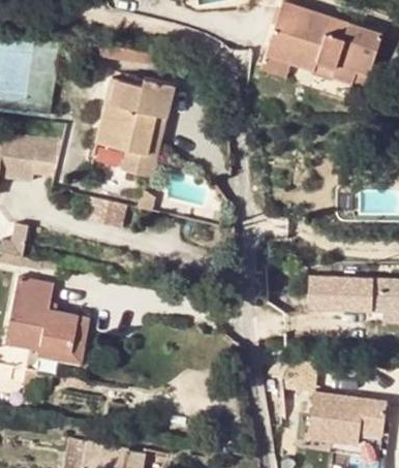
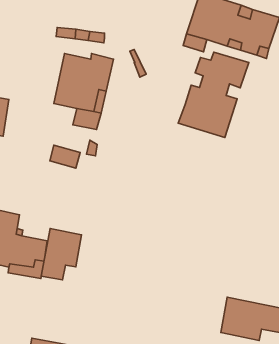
building: none -> [178,52,249,138]
building: [309,277,372,310] -> none
building: none -> [41,229,81,280]

